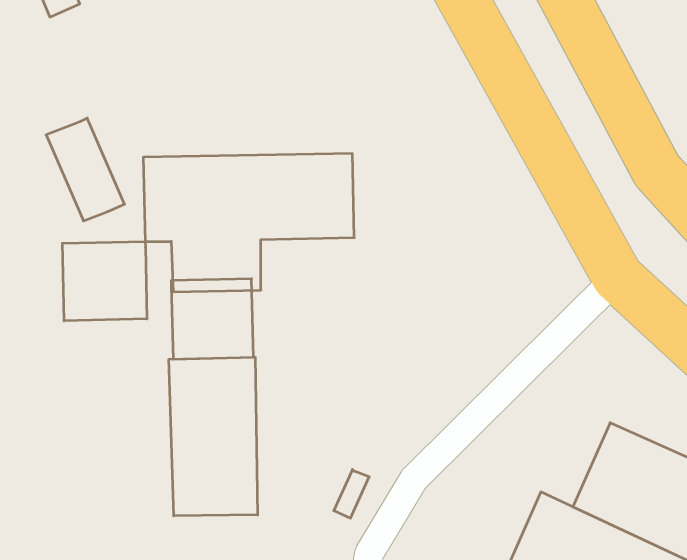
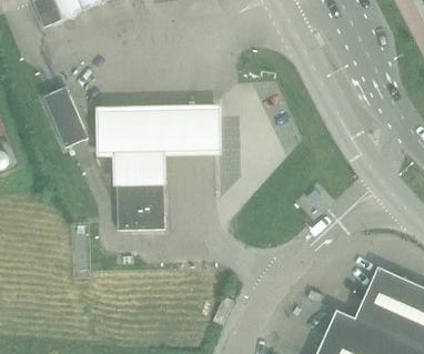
building: [62,241,147,321] -> none
building: [169,357,258,516] -> none

